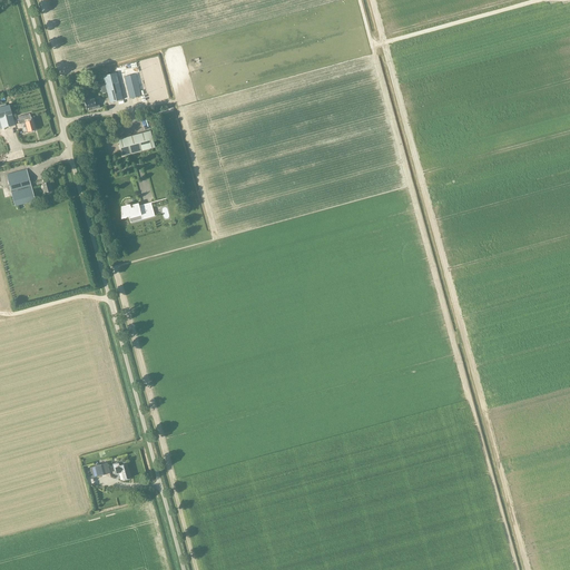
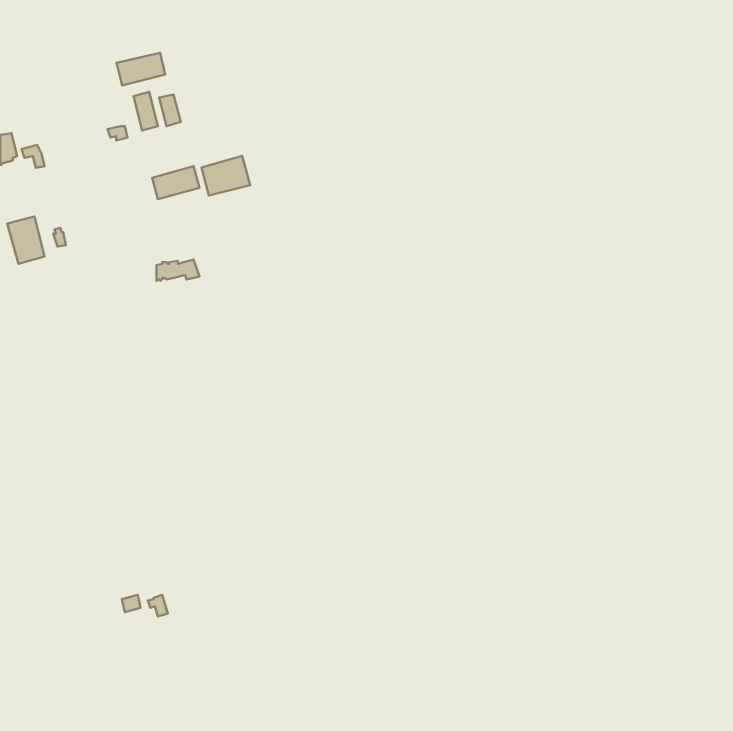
building: none -> [116,53,165,86]
building: none -> [201,156,250,195]

